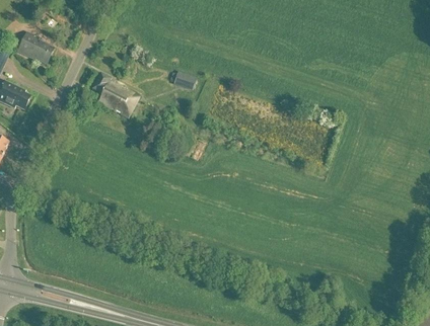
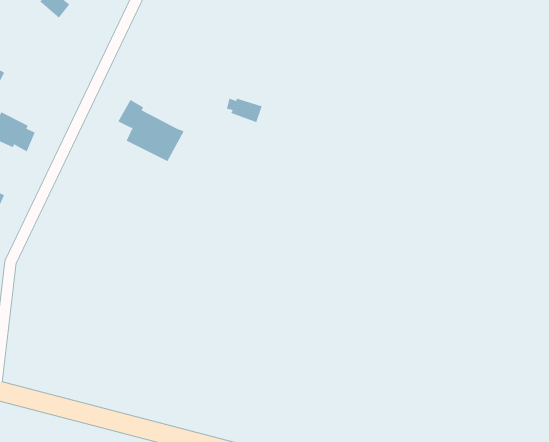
building: [18,32,55,63] -> none

